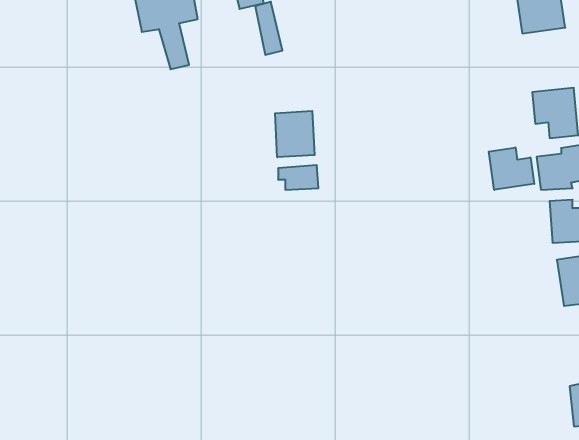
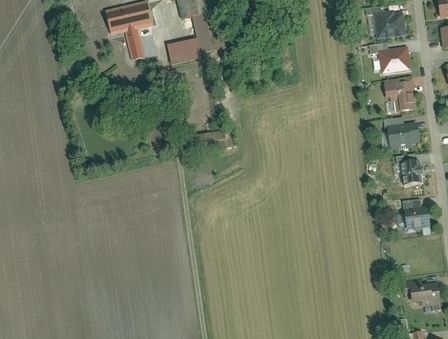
building: none -> [167,40,200,68]
building: none -> [379,47,409,72]
building: [275,111,315,157] -> none
building: [489,147,534,190] -> none

